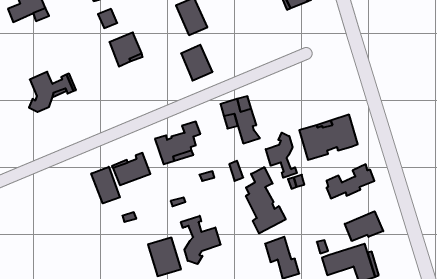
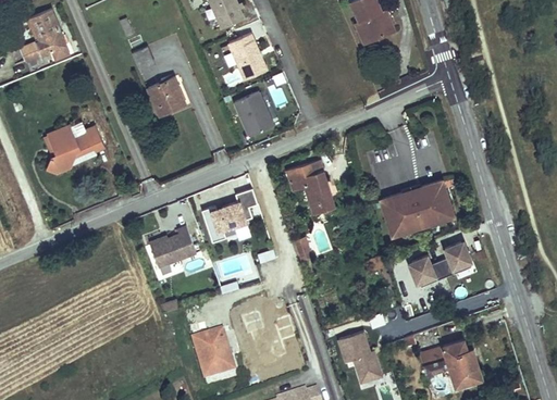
building: [266,133,297,178] -> none
building: [91,167,120,203] -> none
building: [246,167,286,233] -> none
building: [345,211,383,241] -> none
building: [181,216,221,264] -> none

